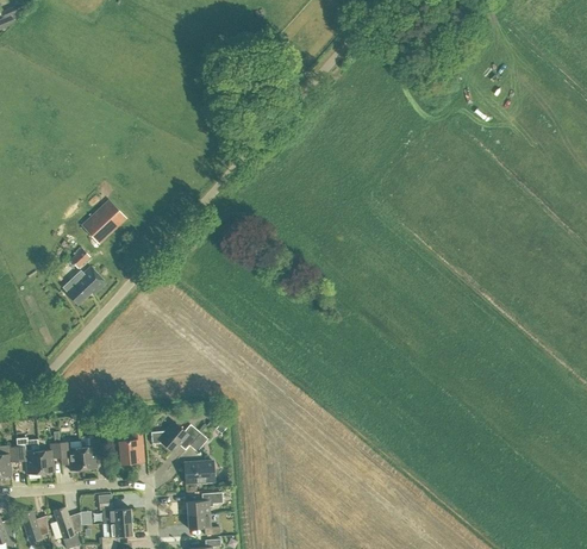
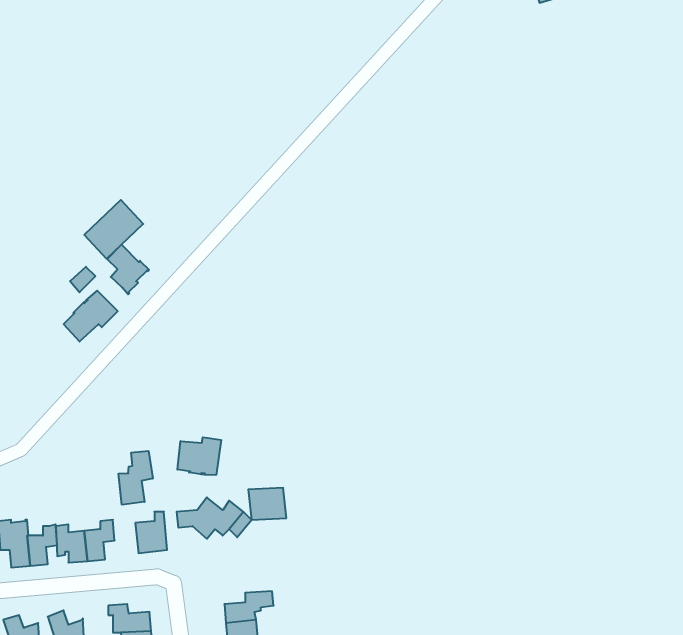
building: none -> [107,245,149,294]
building: none -> [177,437,221,475]
building: none -> [119,451,153,505]
building: [185,460,213,484] -> [248,488,286,520]

